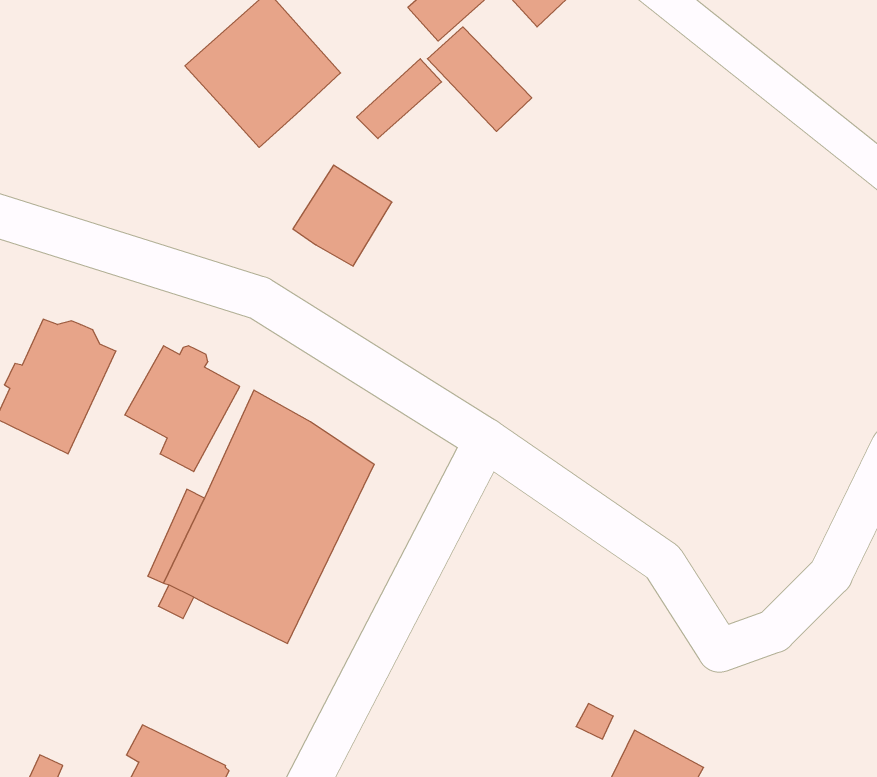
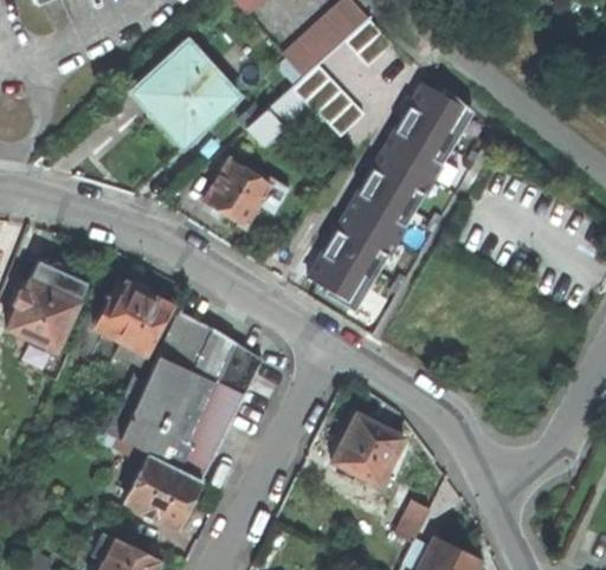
building: none -> [309,84,475,312]
building: none -> [330,412,404,485]
building: none -> [124,452,202,526]

